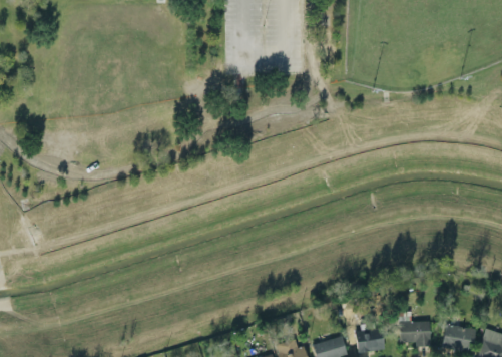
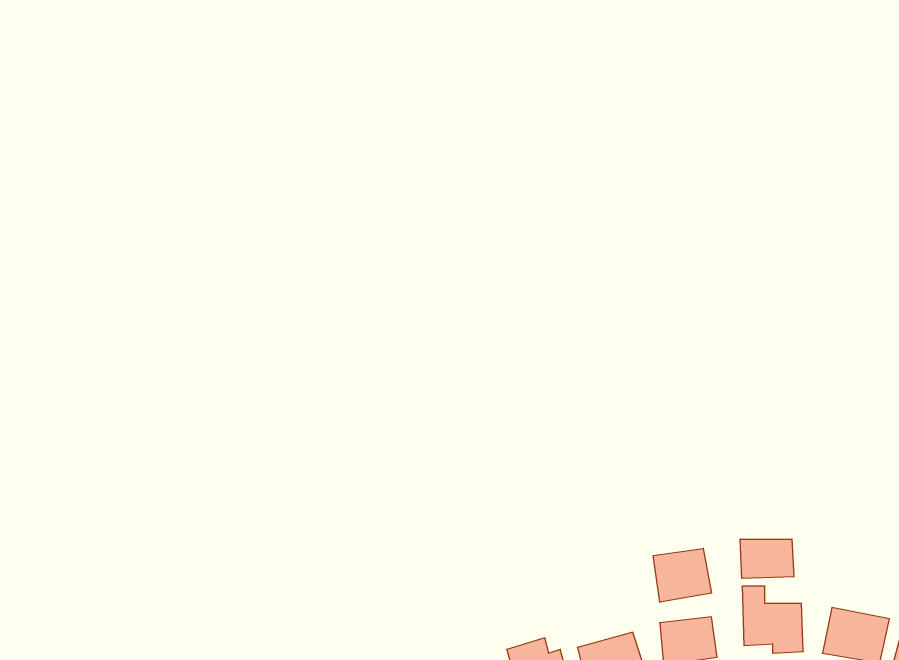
building: none -> [740,539,794,578]
building: none -> [653,548,712,602]

